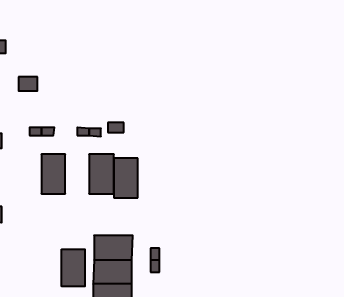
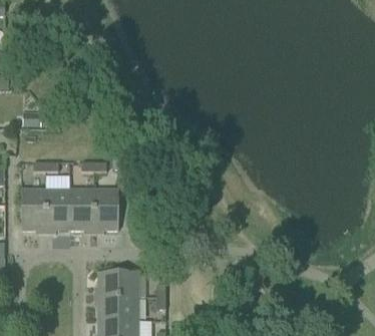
building: none -> [21,190,45,230]
building: [114,158,138,198] -> [69,190,93,230]
building: [62,249,85,286] -> none

